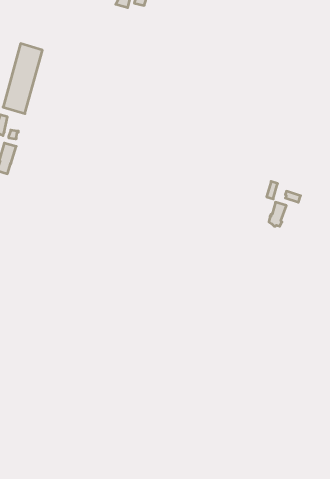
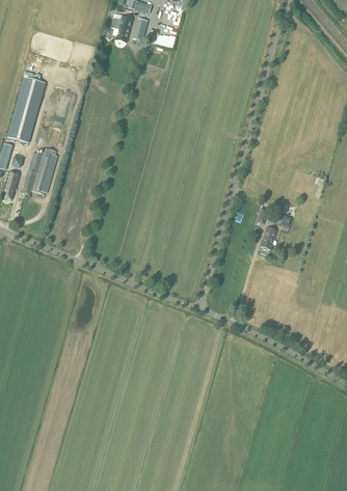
building: none -> [22,147,58,194]

